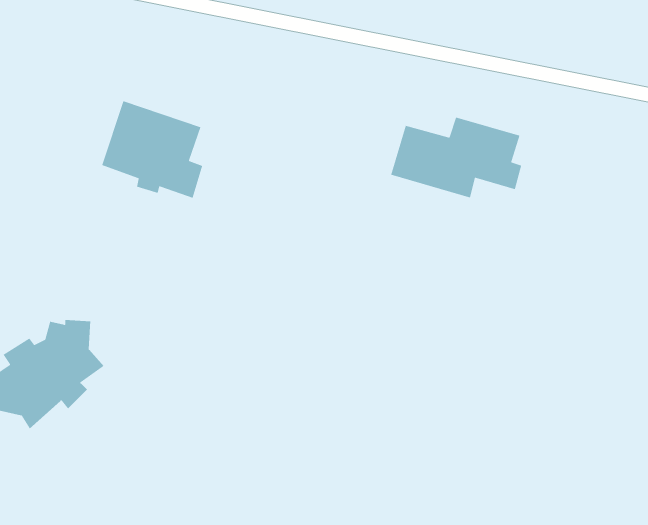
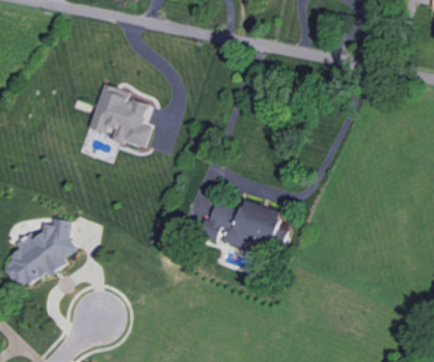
building: [390,117,522,199] -> [200,199,282,250]

